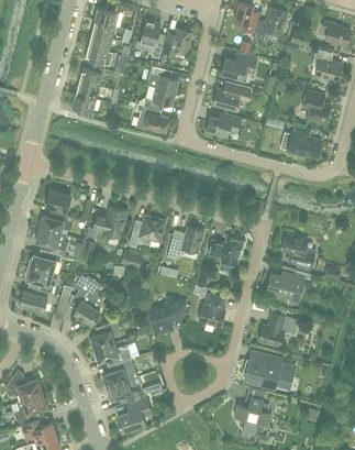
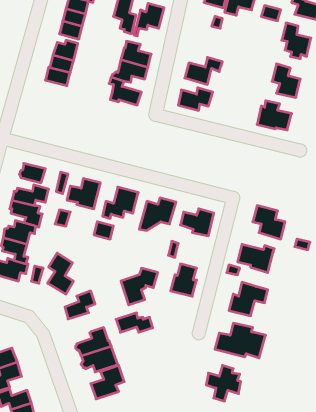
building: [221,54,256,78] -> none
building: [93,342,131,362] -> [116,313,153,332]

